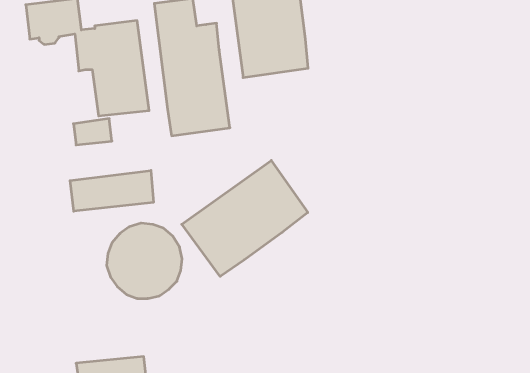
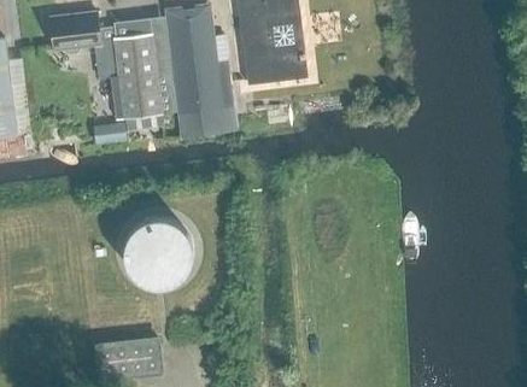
building: [182,160,308,276] -> none
building: [70,170,153,211] -> none

